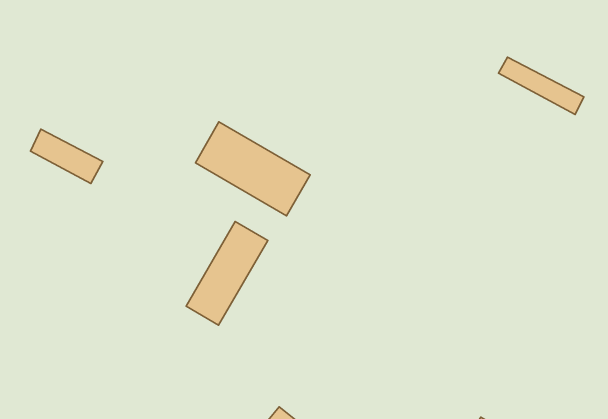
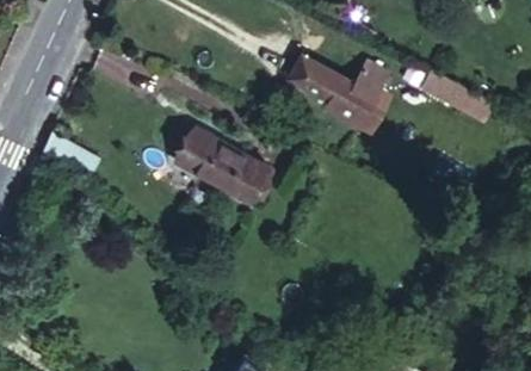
building: none -> [288,57,388,128]
building: [186,221,268,325] -> none

